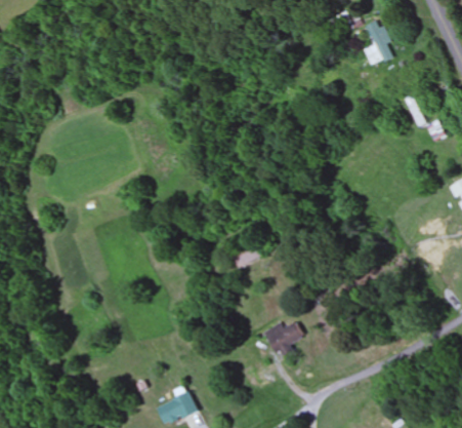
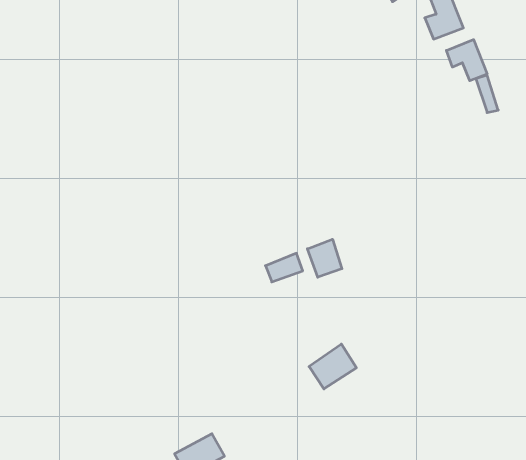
building: none -> [446,40,487,81]
building: none -> [307,239,342,277]

